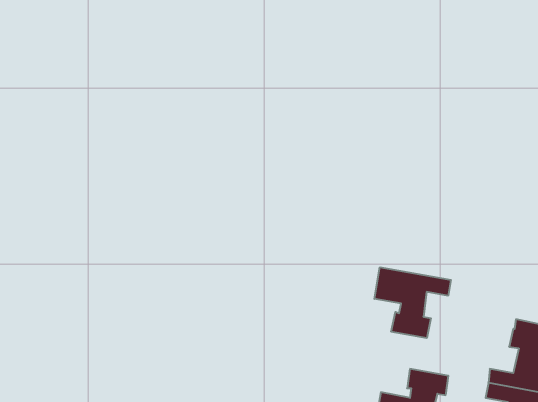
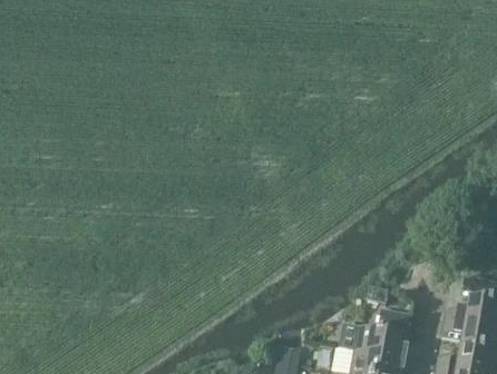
building: [374,267,451,338] -> none

